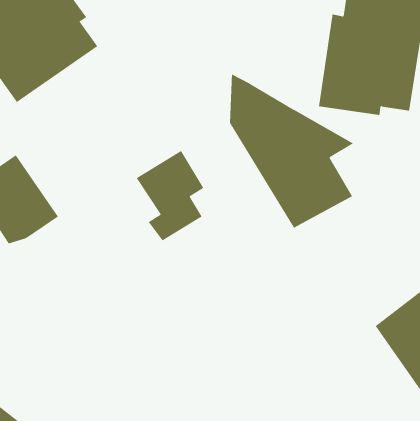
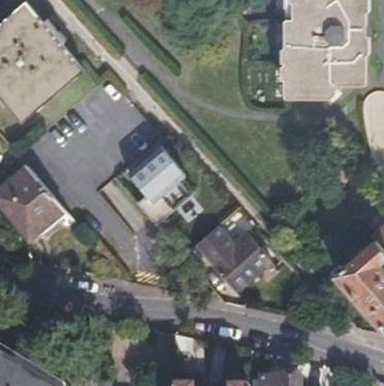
building: [229,74,354,228] -> none
building: none -> [198,228,274,290]

